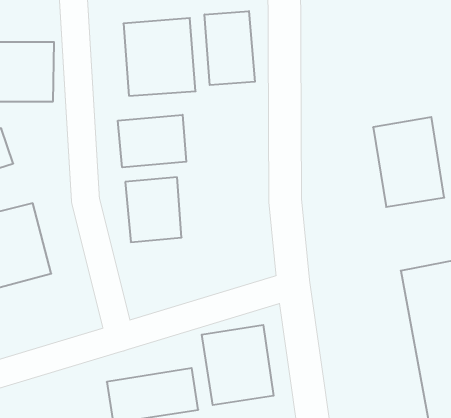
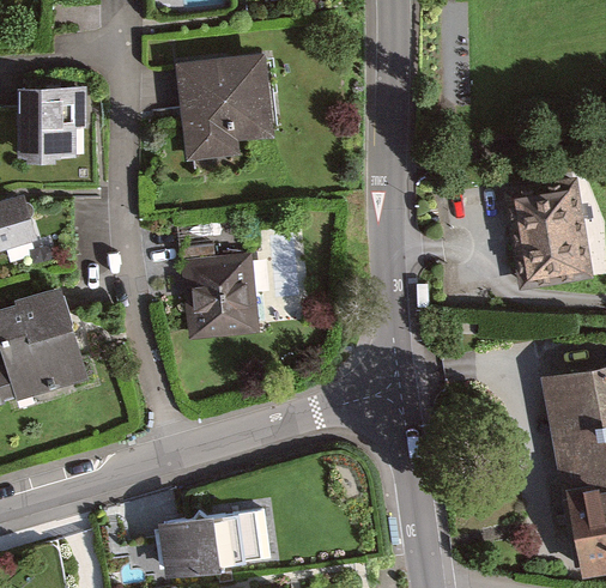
building: [205,11,255,85] -> none
building: [118,115,186,167] -> none
building: [202,325,274,405] -> none

